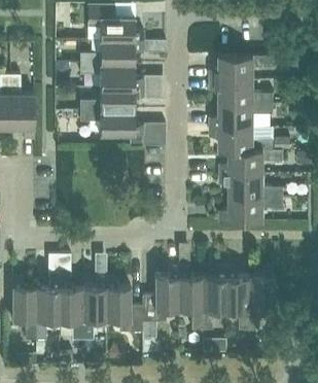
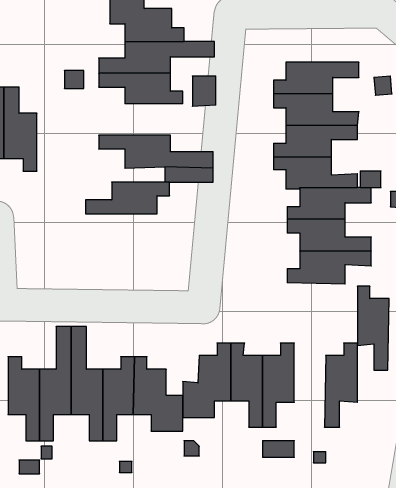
building: [79,88,142,111] -> [86,182,170,214]
building: [225,267,249,329] -> [357,286,389,370]

